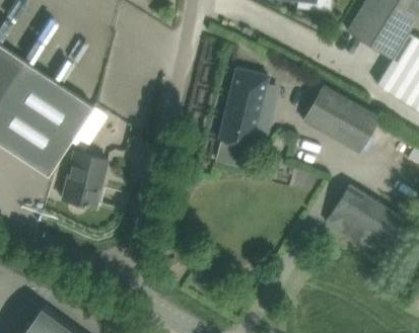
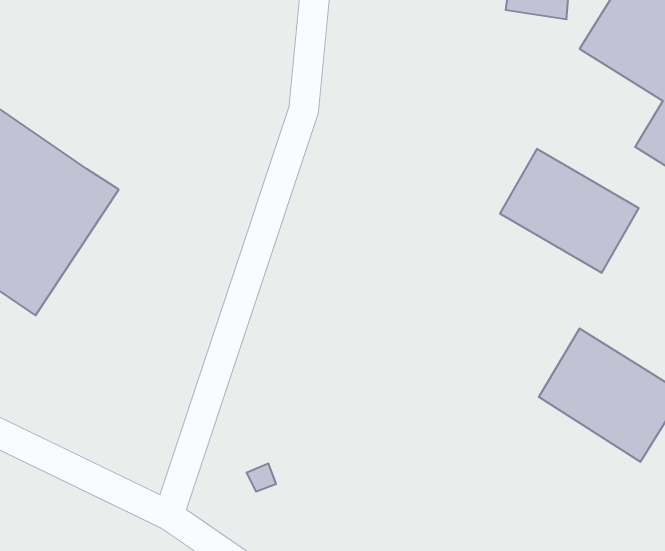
building: [215,69,269,169] -> none
building: [62,153,109,207] -> none

